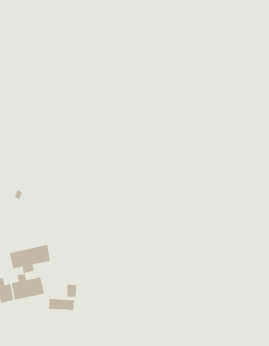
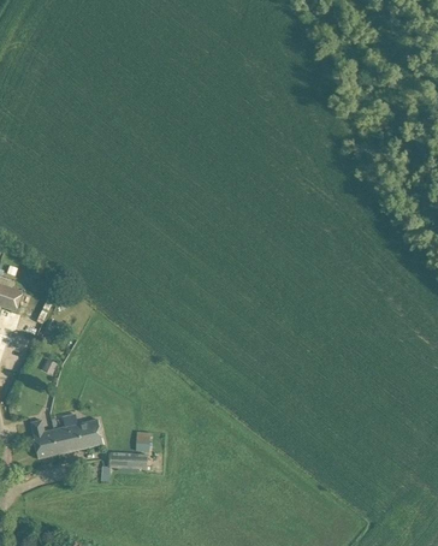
building: [9,244,50,274] -> none

